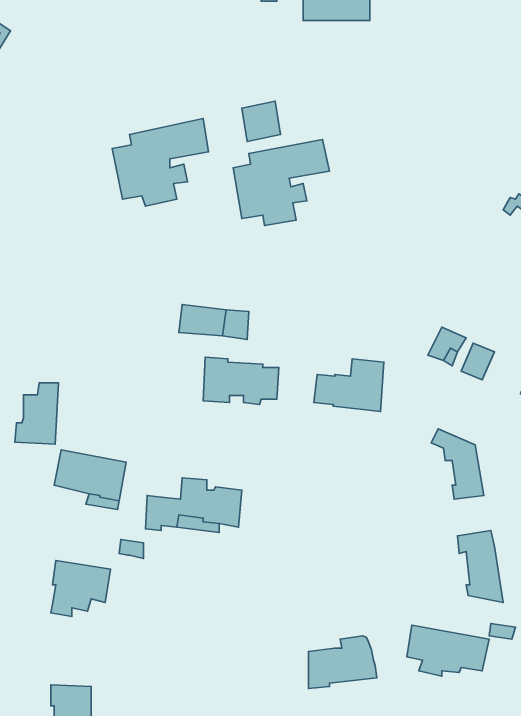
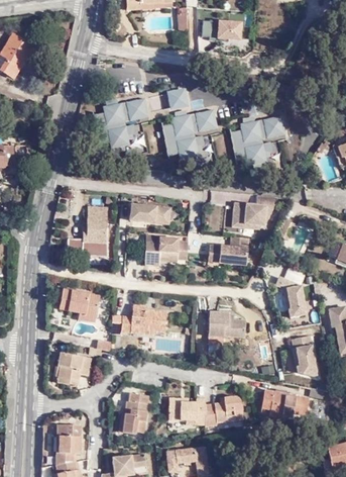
building: none -> [229,114,285,165]
building: none -> [231,194,274,229]
building: [15,383,59,444] -> [82,207,107,243]
building: none -> [207,311,245,344]
building: none -> [122,392,150,435]
building: none -> [168,397,206,424]

